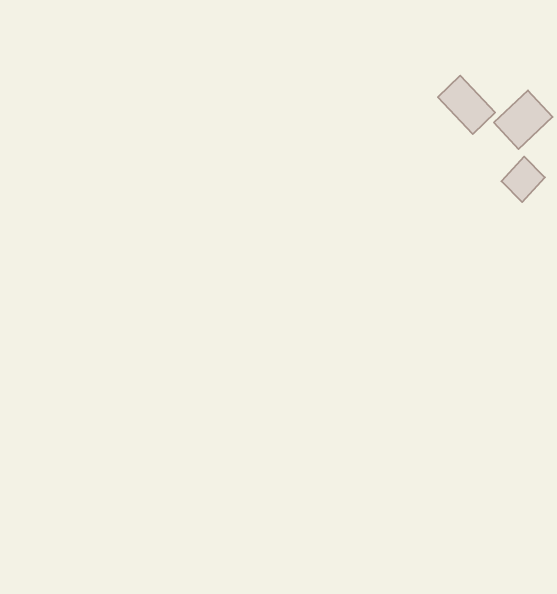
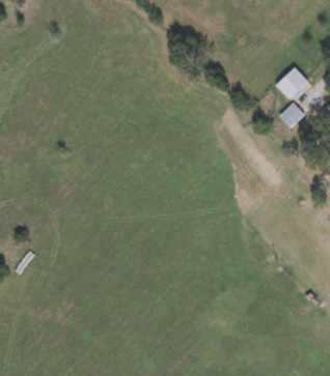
building: [438,76,495,134] -> none

